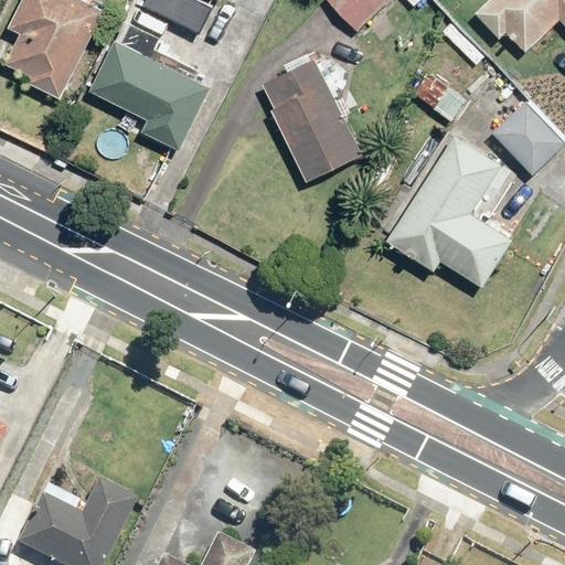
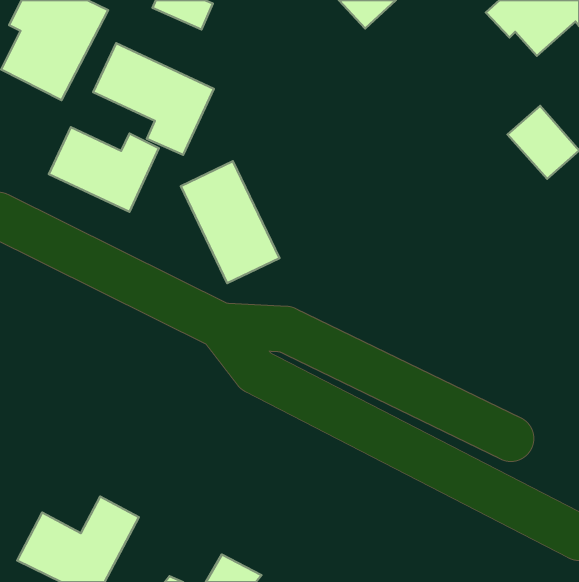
building: [260,55,356,173] -> [181,161,280,283]
building: none -> [49,127,159,212]
building: [386,135,511,284] -> none

